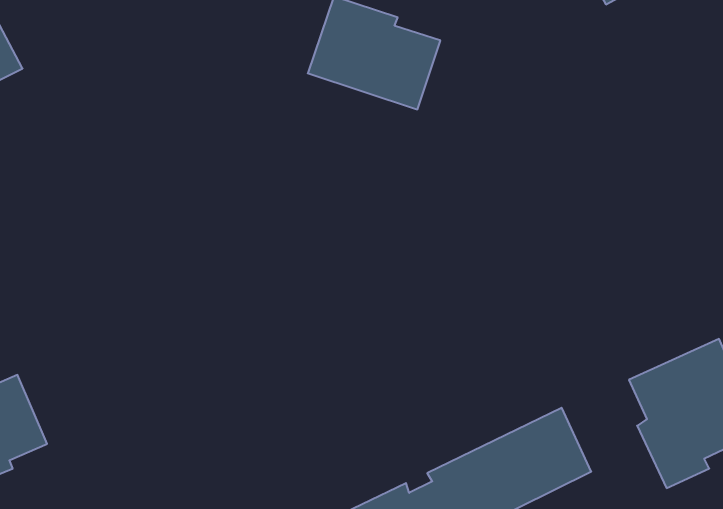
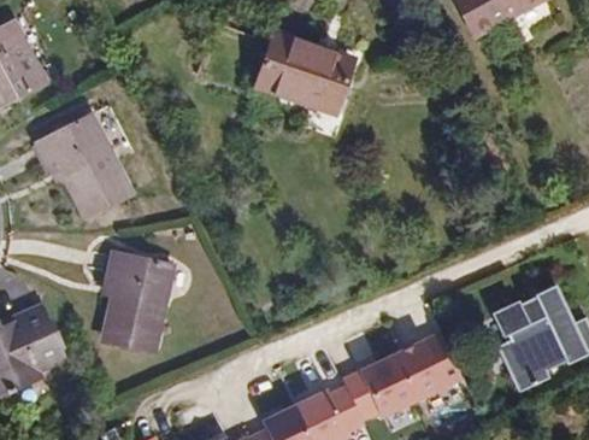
building: none -> [35,113,131,215]
building: none -> [104,251,171,352]

